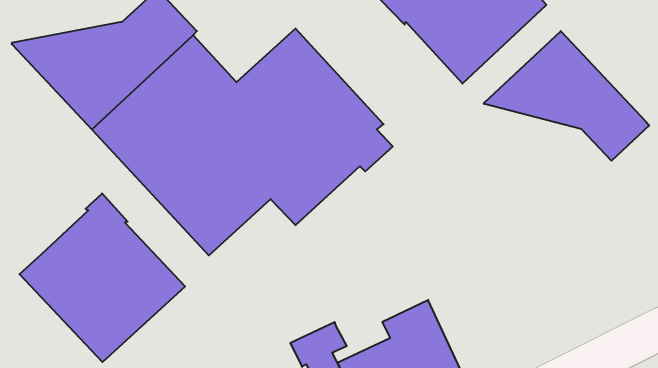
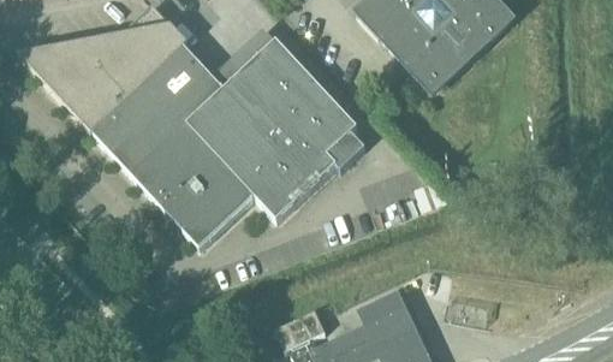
building: [484,31,649,161] -> none
building: [19,193,185,362] -> none

